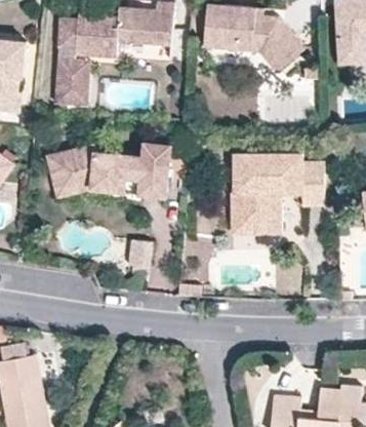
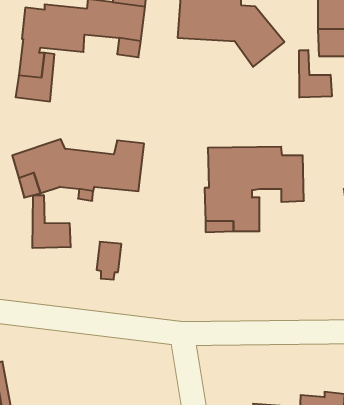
building: none -> [299,50,332,98]
building: none -> [32,195,71,248]

